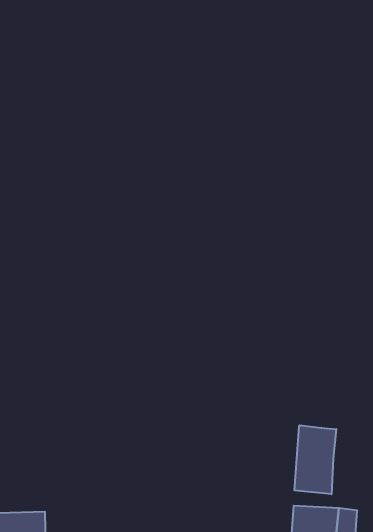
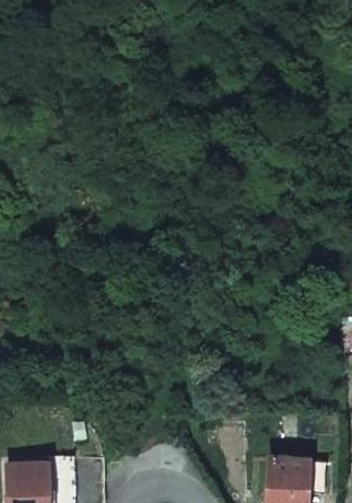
building: [295,425,336,494] -> none

